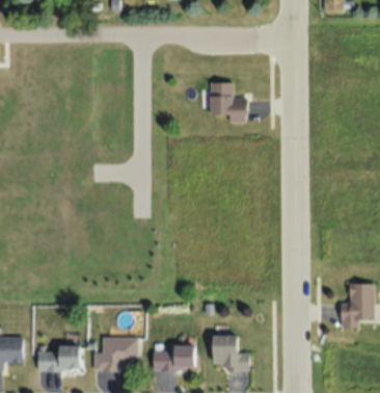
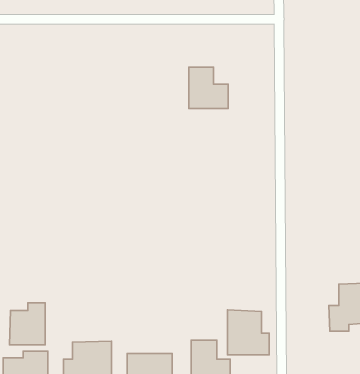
building: none -> [9,303,45,345]
building: none -> [228,310,269,355]

